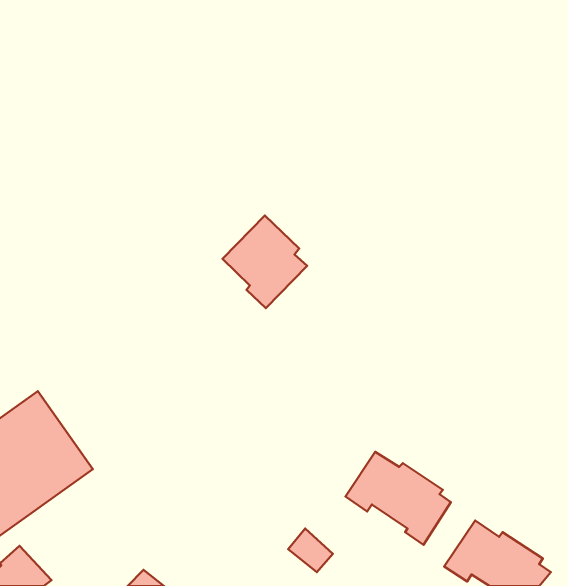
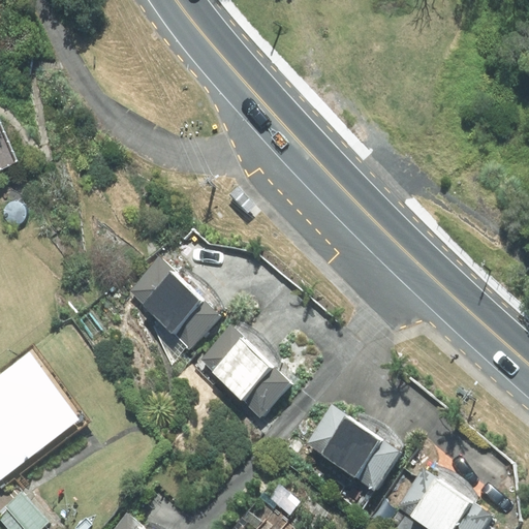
building: [222,215,307,308] -> [124,266,200,349]
building: none -> [181,322,279,418]

